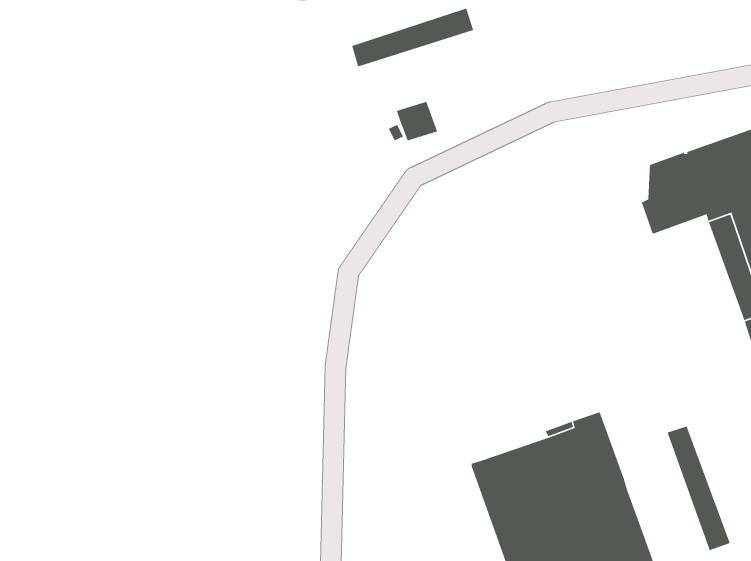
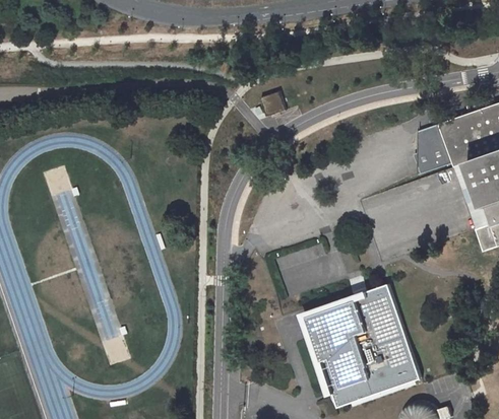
building: [351,7,474,68] -> none
building: [666,425,731,551] -> none

